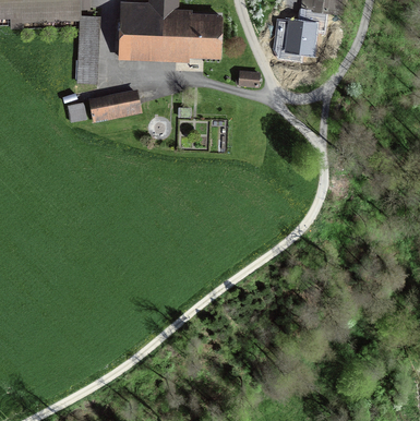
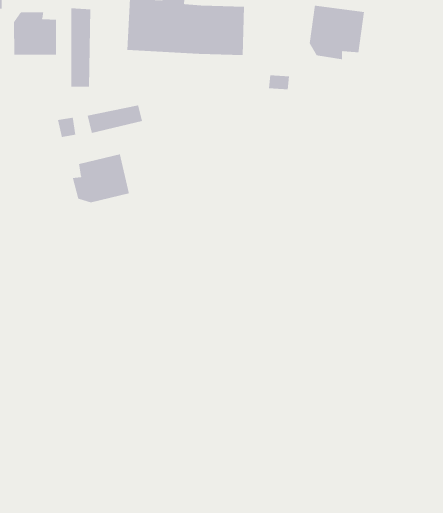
building: none -> [13,11,57,55]
building: none -> [72,154,130,203]

